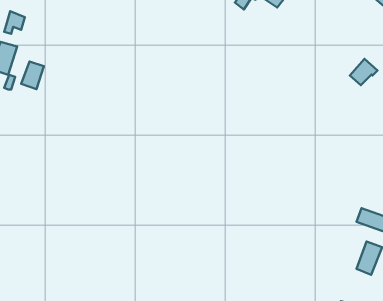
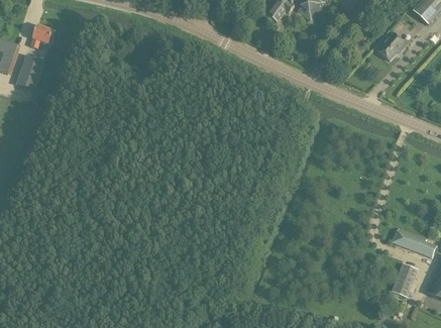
building: [350,59,377,85] -> [378,32,407,60]
building: [21,62,44,89] -> none

